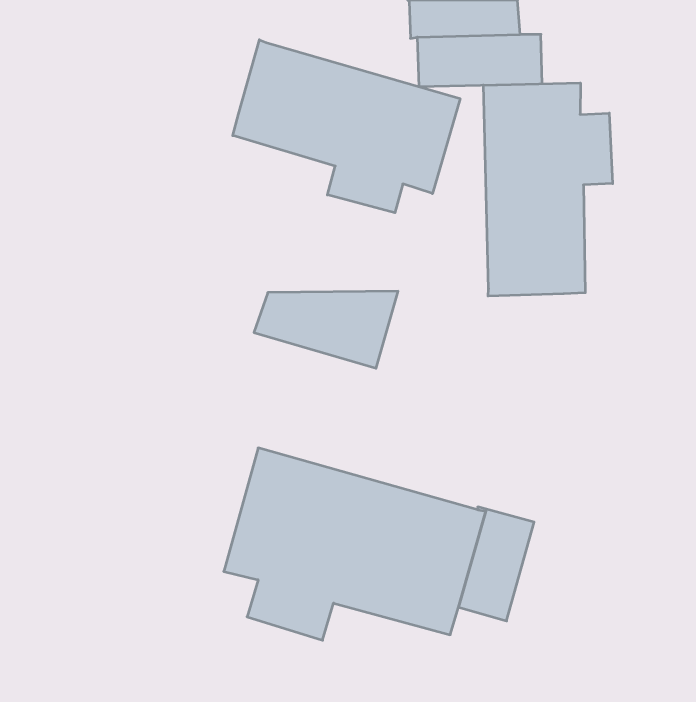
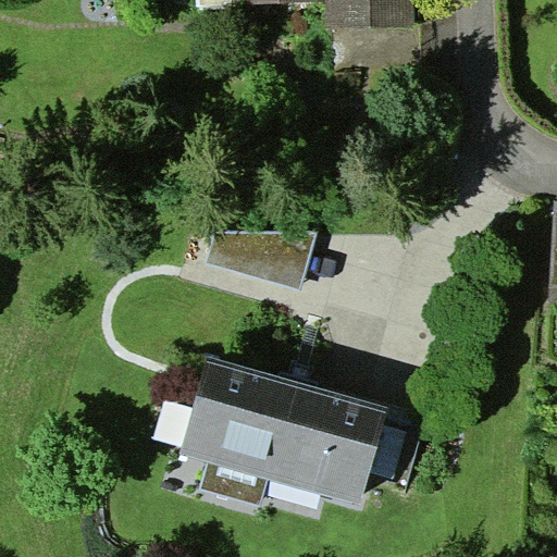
building: [233,40,460,213] -> none
building: [483,83,613,296] -> none

